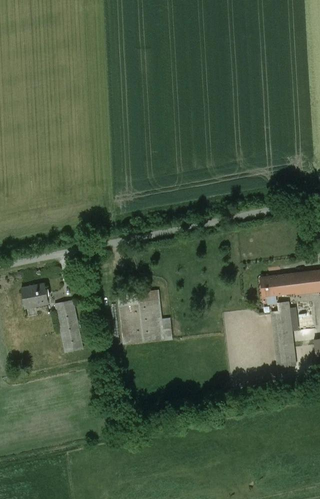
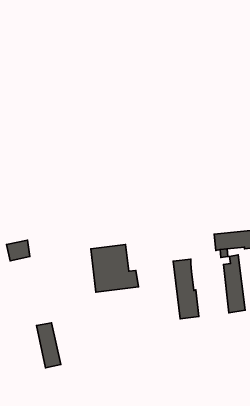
building: [55,300,83,352] -> [37,323,61,368]
building: none -> [173,259,199,319]

